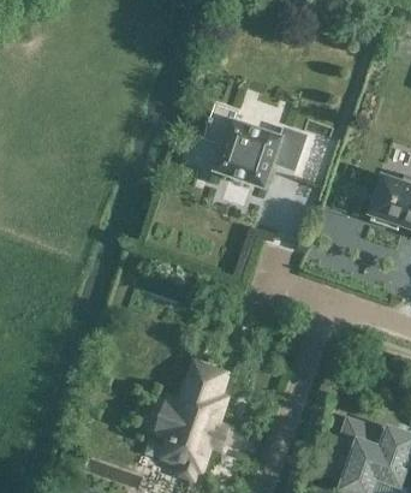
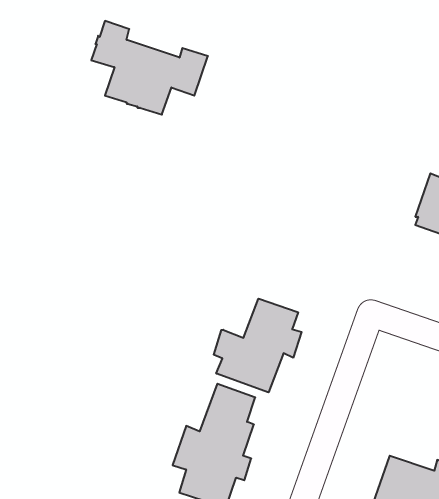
building: [203,103,306,186] -> [91,21,208,115]
building: none -> [214,299,302,392]

